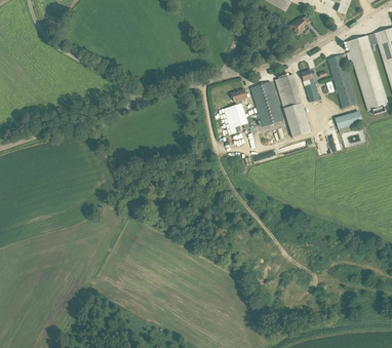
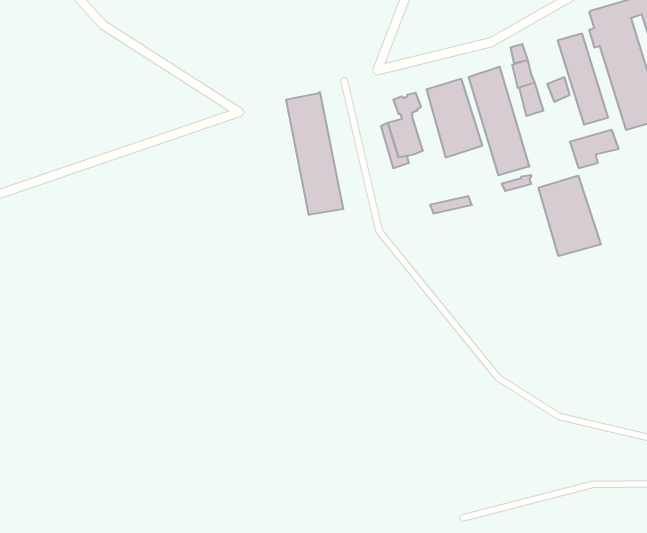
building: none -> [286,92,343,215]
building: none -> [539,176,601,256]

